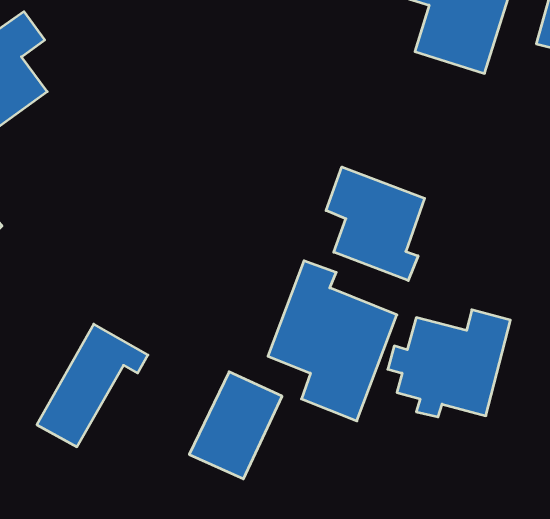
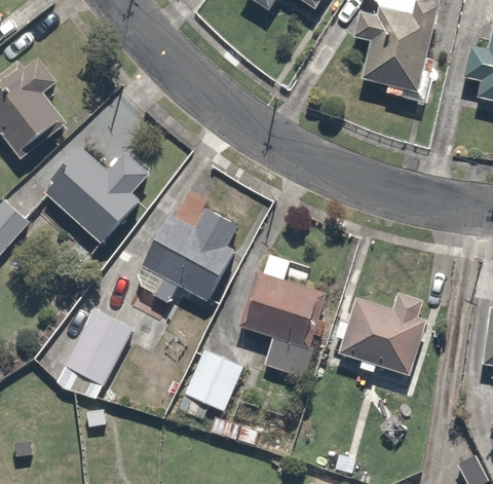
building: none -> [41,145,148,248]
building: [326,167,425,281] -> none
building: none -> [128,208,250,304]

